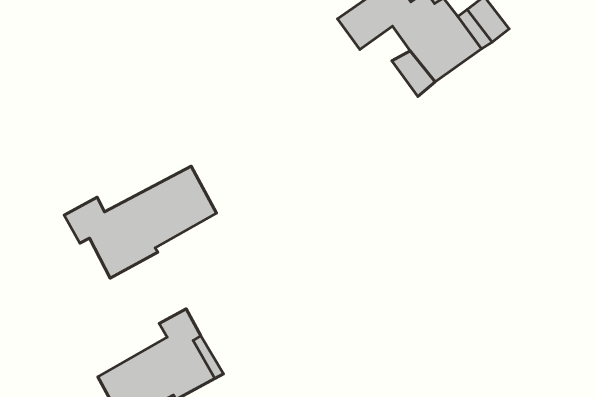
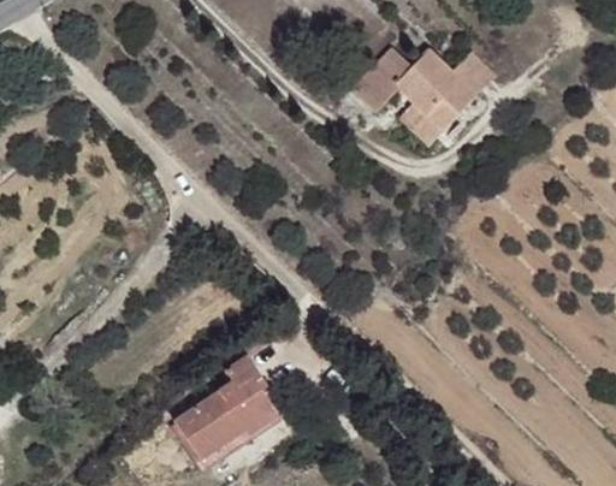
building: [64,166,217,278] -> none

